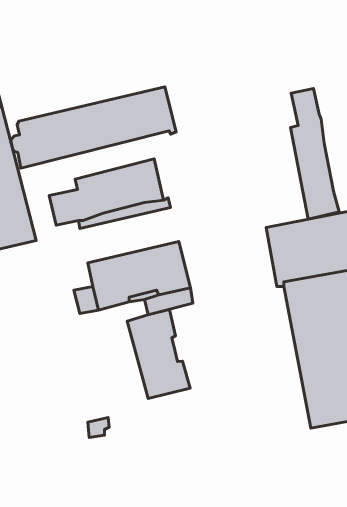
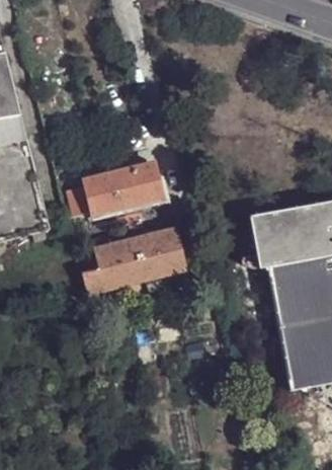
building: [11,87,176,168] -> none
building: [290,88,339,219] -> none
building: [127,309,190,399] -> none

